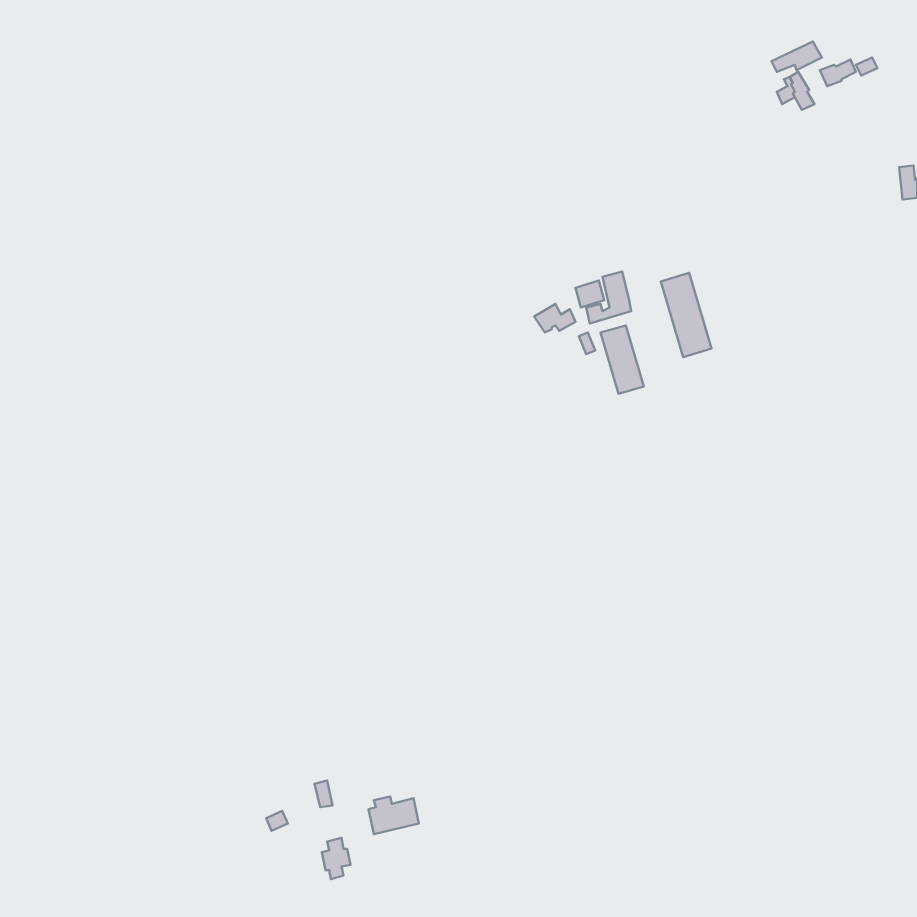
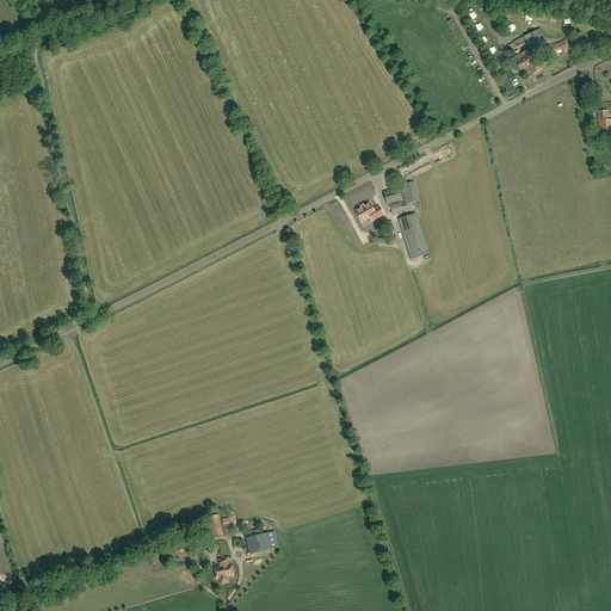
building: [661,273,712,357] -> none

